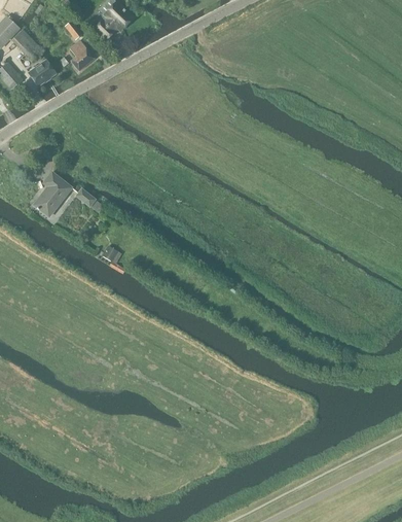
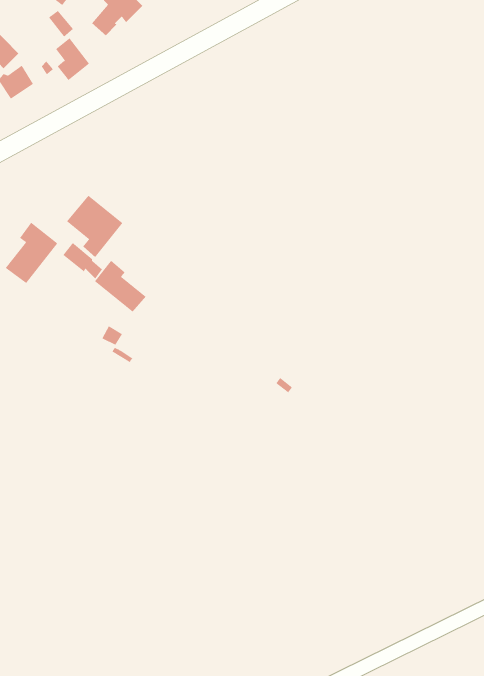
building: none -> [66,195,123,258]
building: none -> [94,260,146,312]

